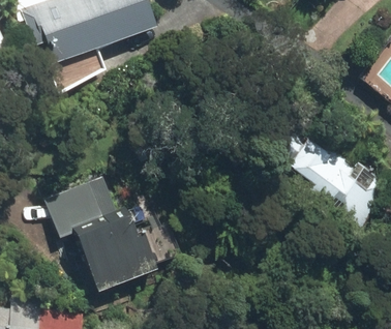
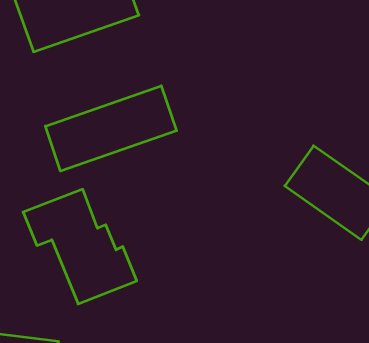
building: none -> [45,86,177,171]

